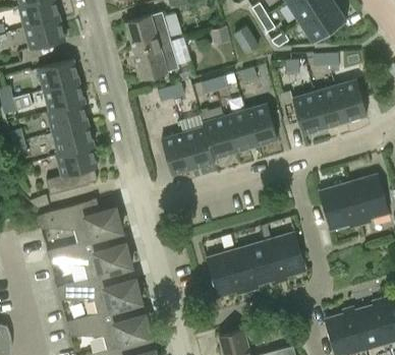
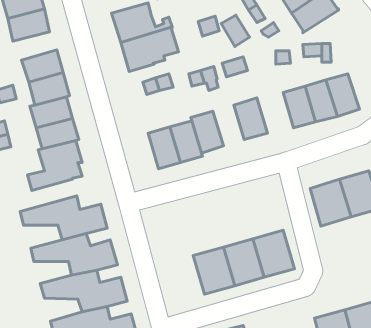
building: [225,112,256,152] -> none

